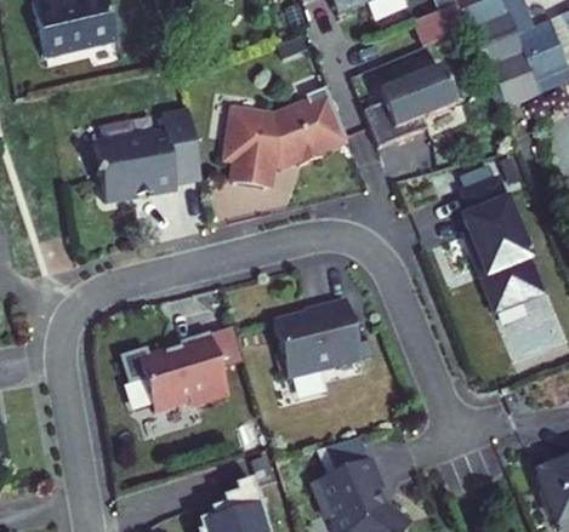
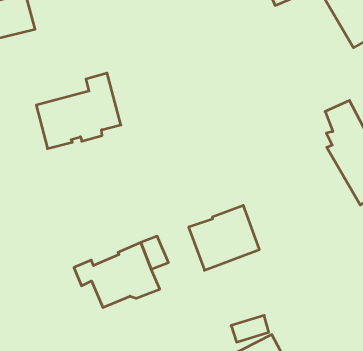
building: [362,62,455,144] -> none
building: [226,82,348,185] -> none

